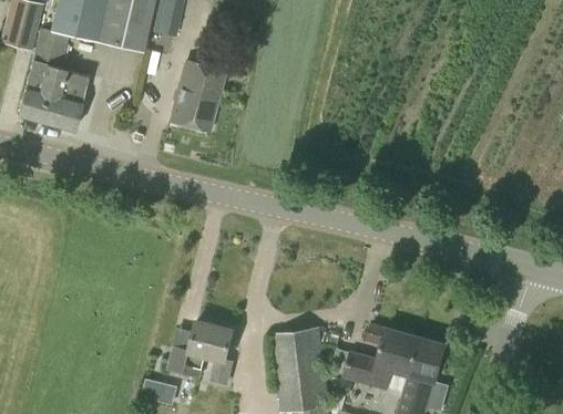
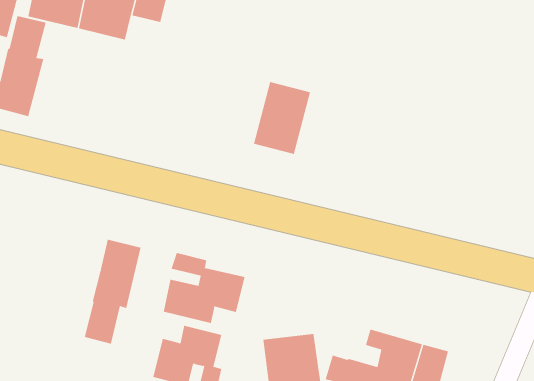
building: [170,61,224,130] -> [253,82,311,155]
building: [51,70,88,130] -> none
building: none -> [84,239,141,345]
building: none -> [163,252,245,324]

